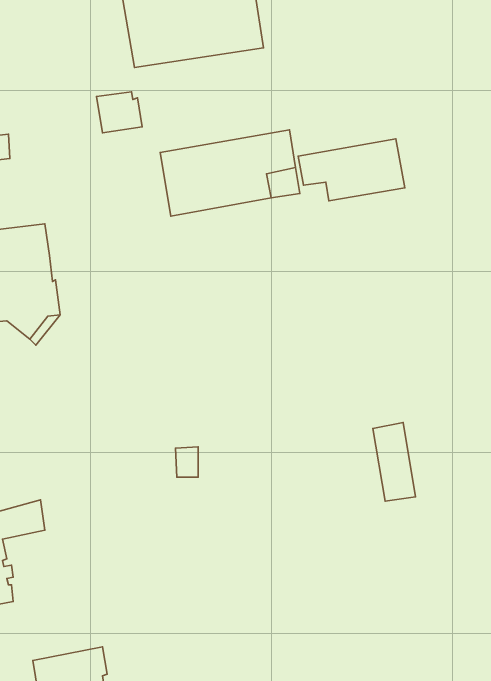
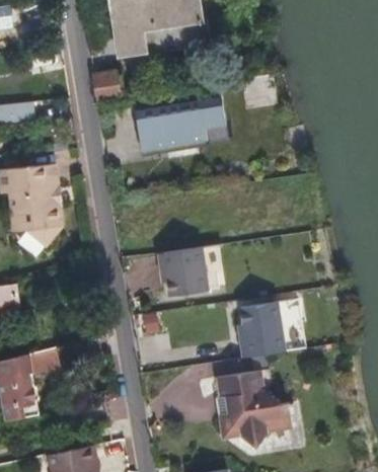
building: [298,139,405,201] -> none
building: none -> [161,246,206,296]
building: none -> [237,300,284,356]
building: none -> [216,368,290,445]

